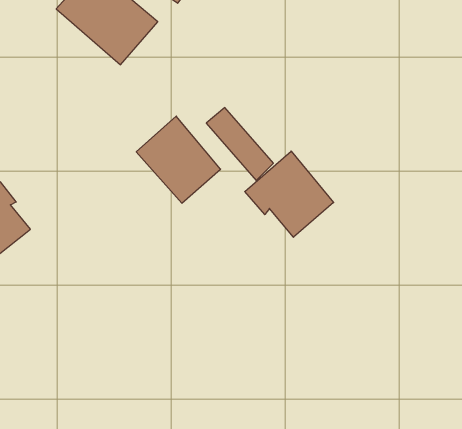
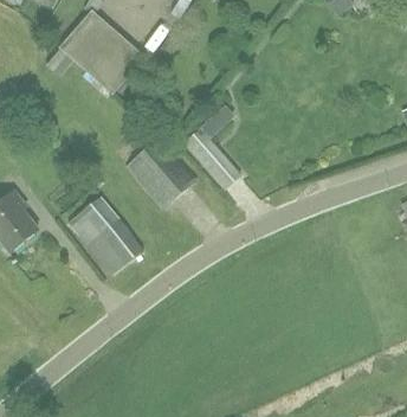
building: [245,151,334,237] -> none
building: none -> [69,197,142,274]

